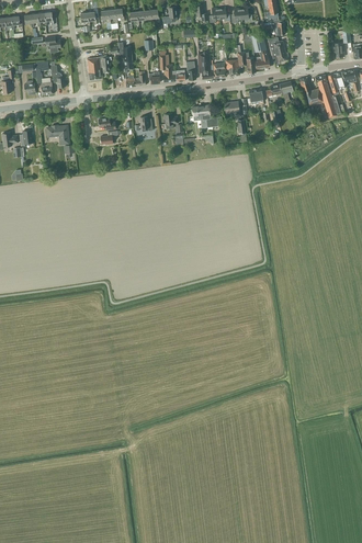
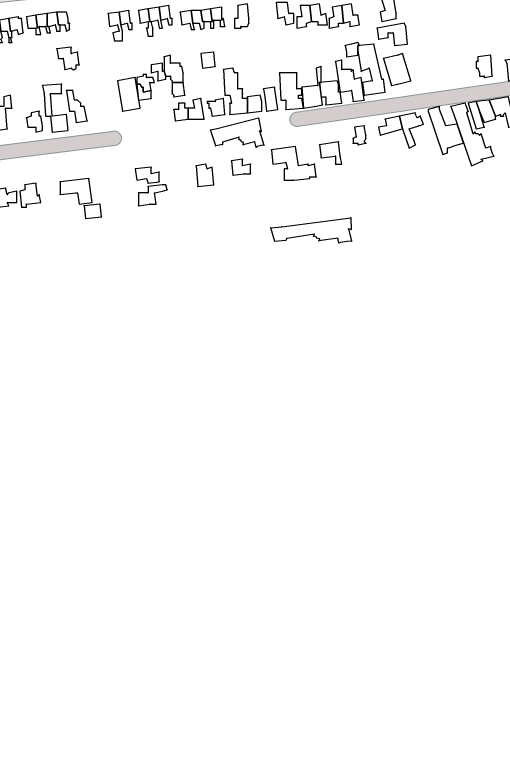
building: none -> [210,118,264,147]
building: none -> [271,218,352,243]

